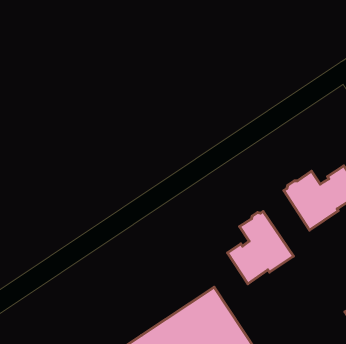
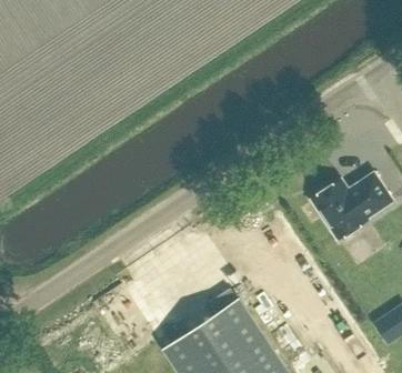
building: [228,211,293,284] -> none

